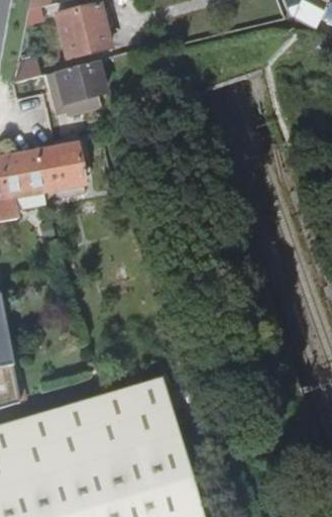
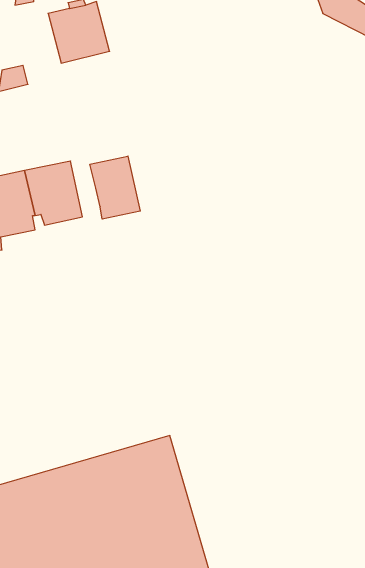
building: [56,63,104,105] -> none
building: none -> [90,156,140,219]

